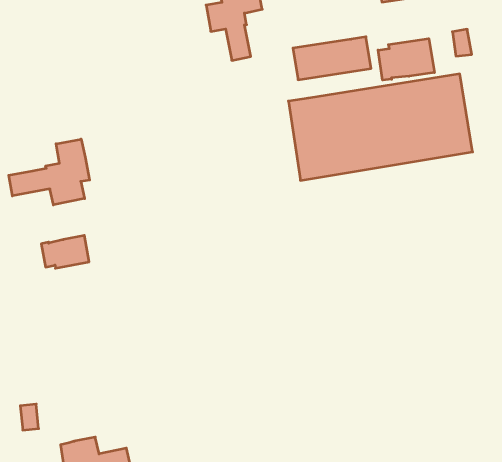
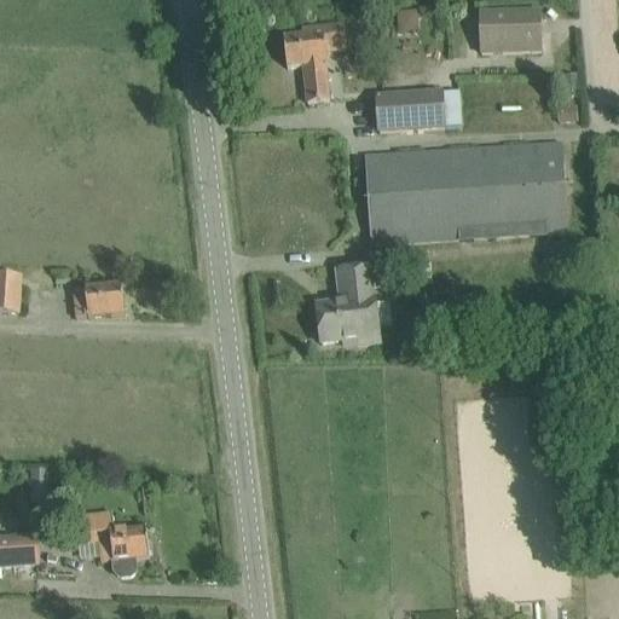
building: [378,39,434,80] -> none
building: [9,139,90,205] -> none
building: none -> [314,264,378,342]

